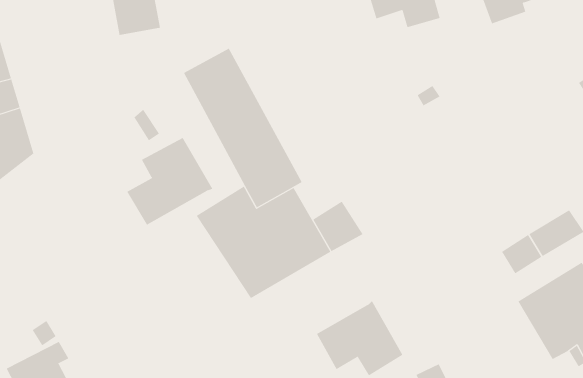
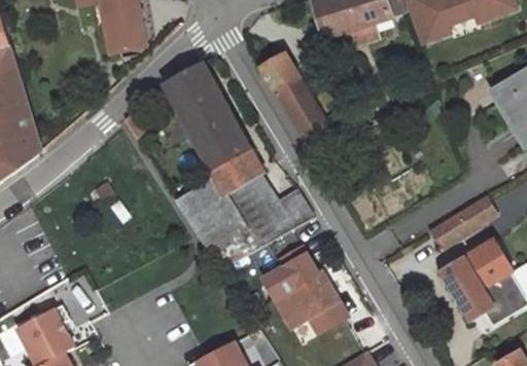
building: none -> [260,53,338,156]
building: [126,137,213,226] -> none
building: none -> [262,246,318,298]

